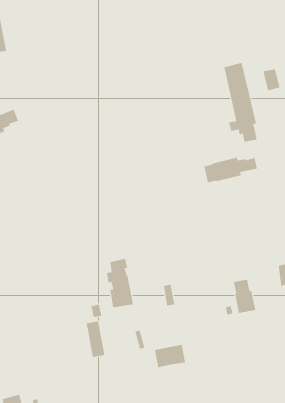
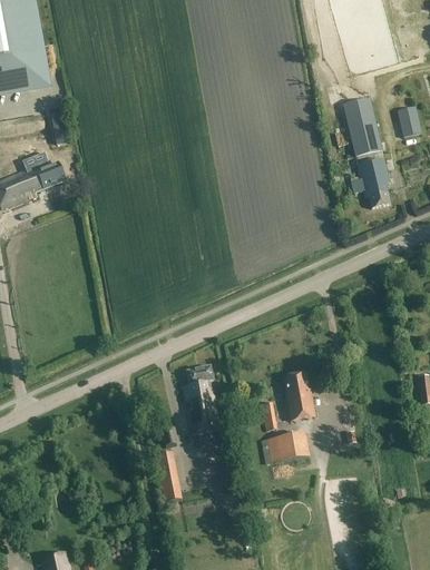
building: [204,157,257,183] -> none
building: [233,279,256,314] -> [284,374,315,421]
building: [154,344,186,368] -> [266,431,310,463]

